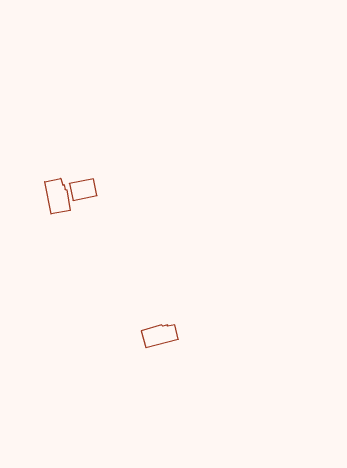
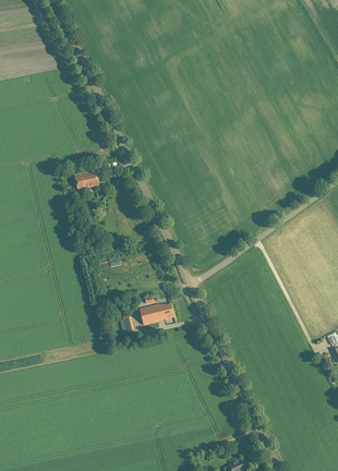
building: [45,178,70,214] -> none

